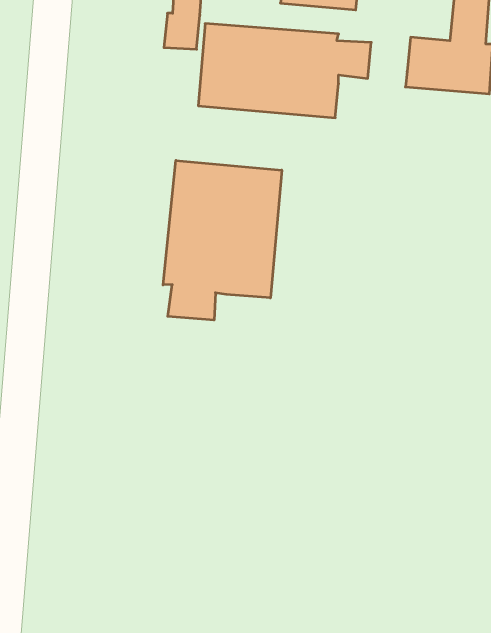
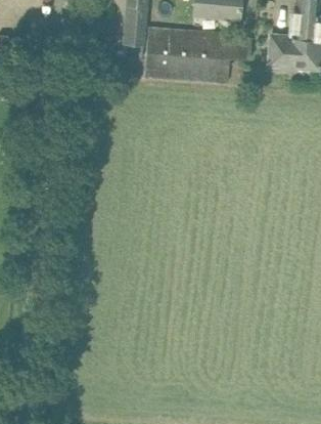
building: [163,160,282,320] -> none

